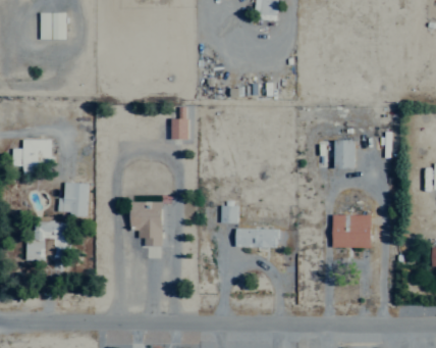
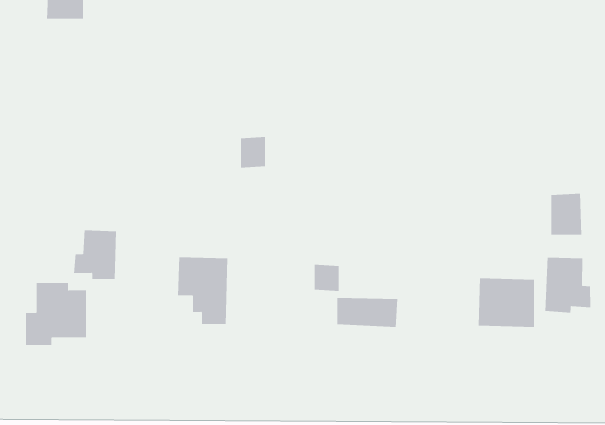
building: [13,139,52,175] -> none
building: [334,140,356,168] -> [551,193,582,235]
building: none -> [545,257,591,314]

